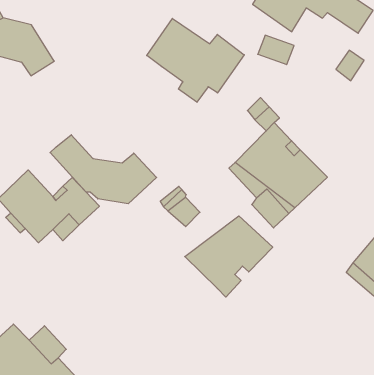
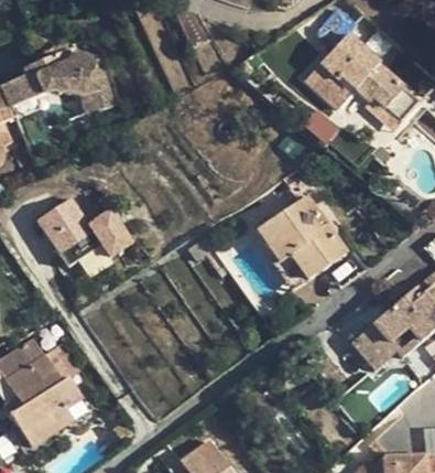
building: [147,18,244,102] -> none
building: [50,135,157,204] -> none
building: [185,216,273,297] -> none

